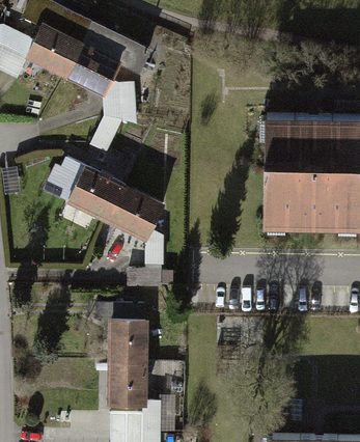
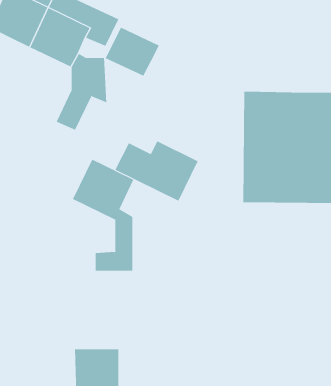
building: none -> [105,27,159,77]
building: [44,162,123,220] -> [114,140,198,201]
building: [96,306,149,362] -> none

